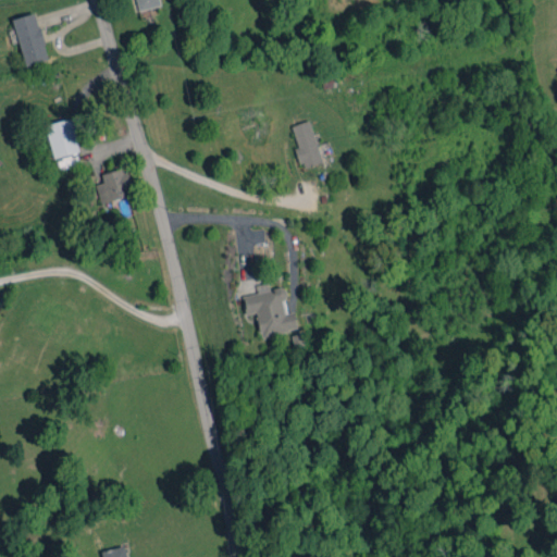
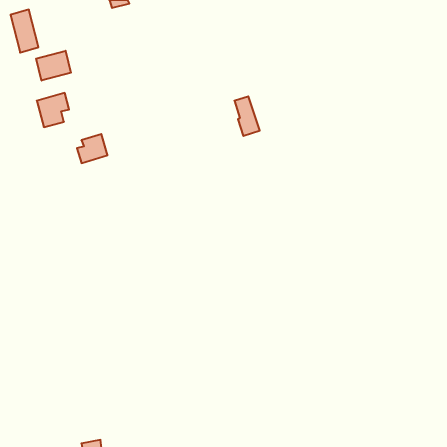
building: none -> [36,51,71,81]
building: [243,284,298,337] -> none

